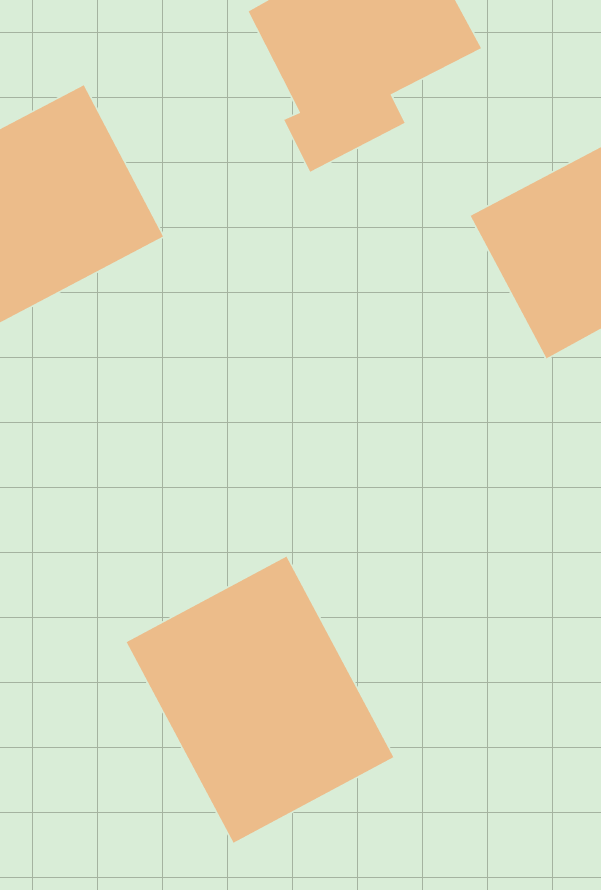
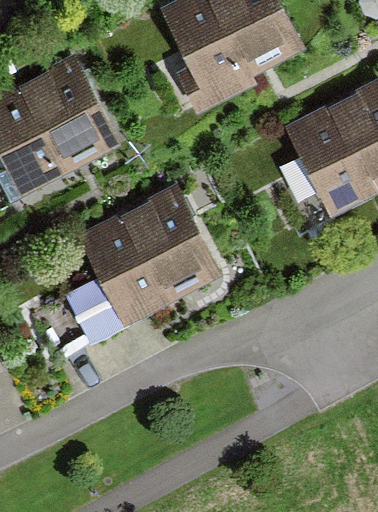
building: none -> [84,192,219,319]
building: [126,556,394,844] -> none

